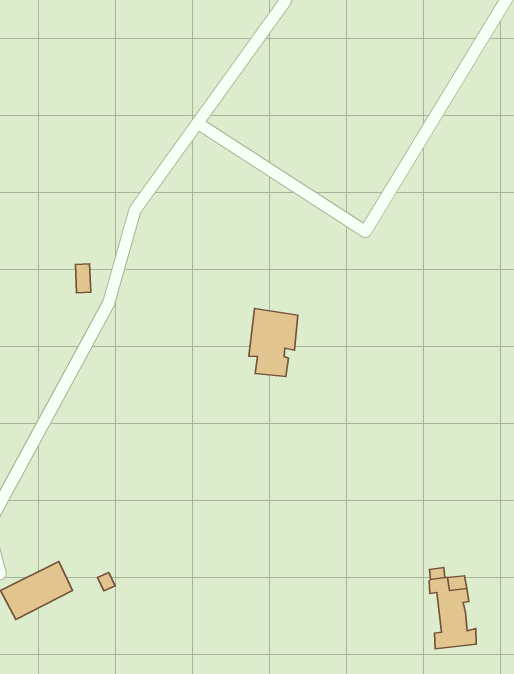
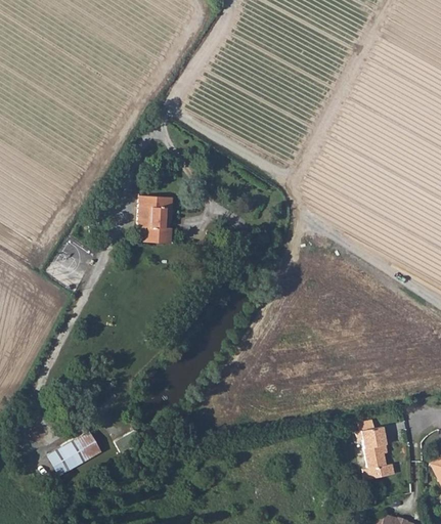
building: [249,308,298,377] -> [138,194,172,243]

